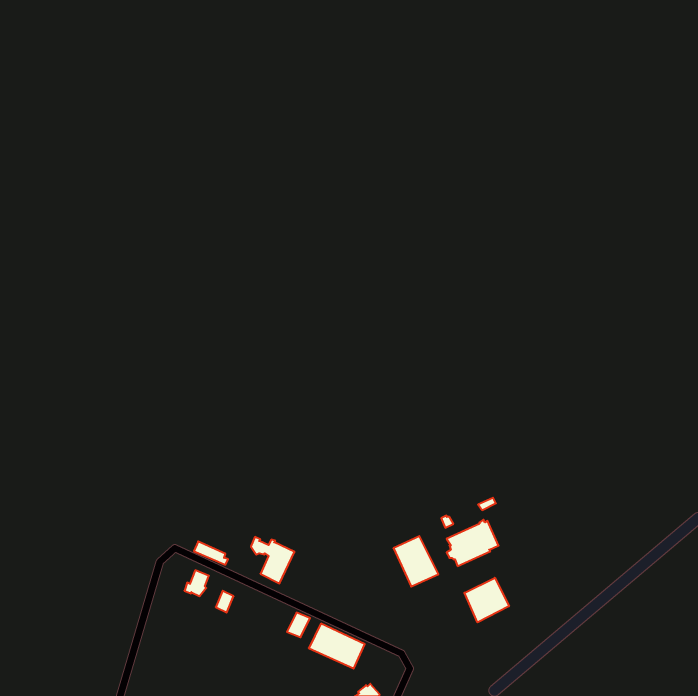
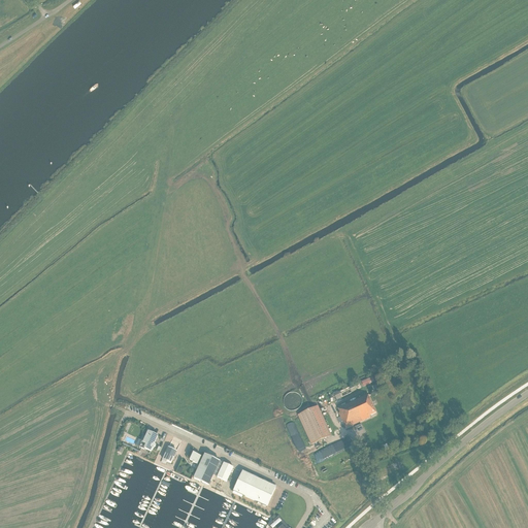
building: [251,537,295,583] -> [187,449,220,484]
building: [464,578,509,622] -> none

